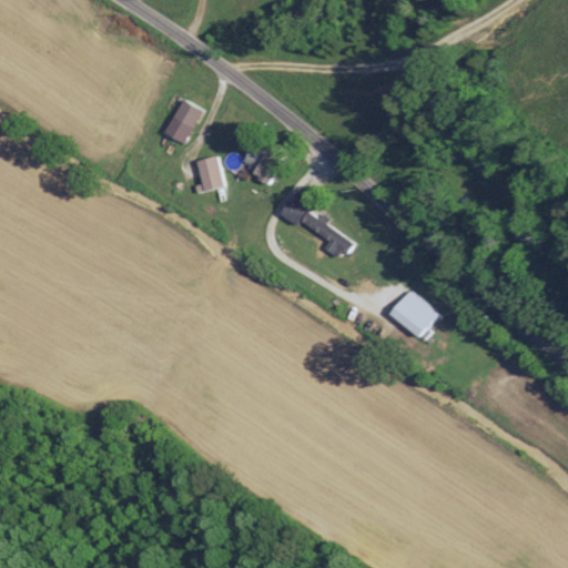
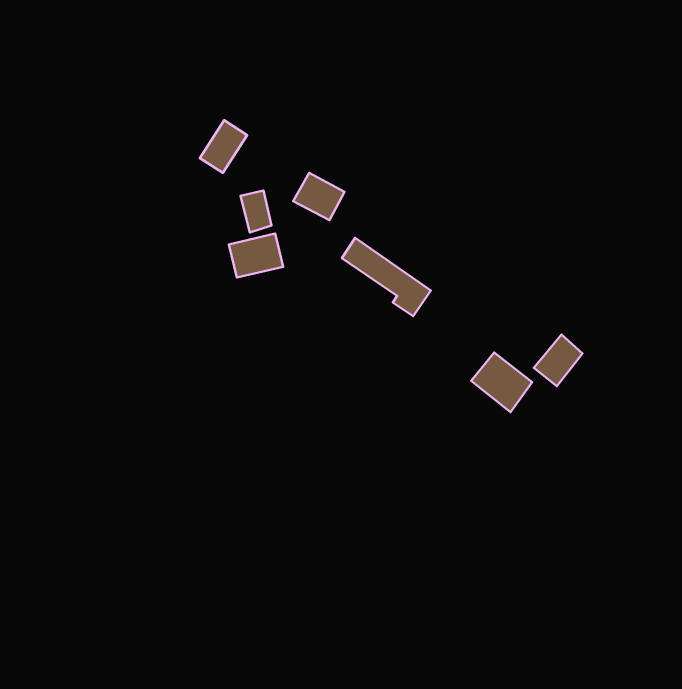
building: none -> [229,234,283,278]
building: none -> [534,335,582,386]

